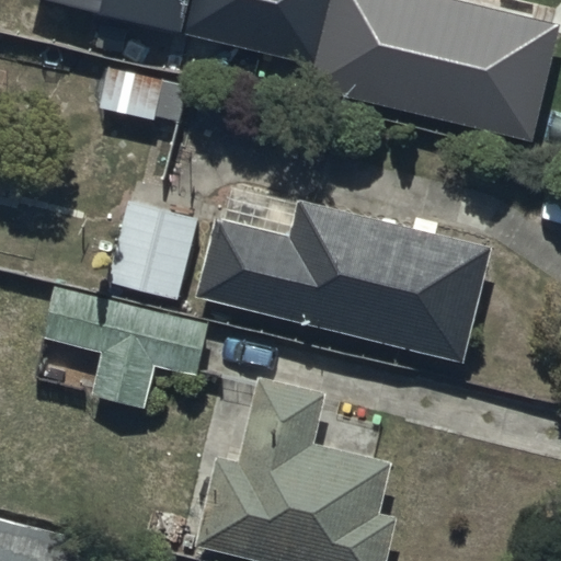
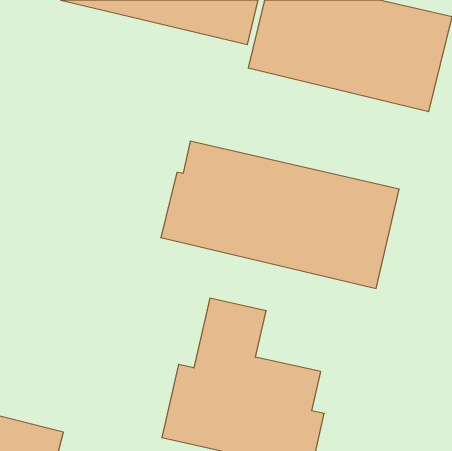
building: [106,195,199,301] -> none
building: [43,282,208,410] -> none

